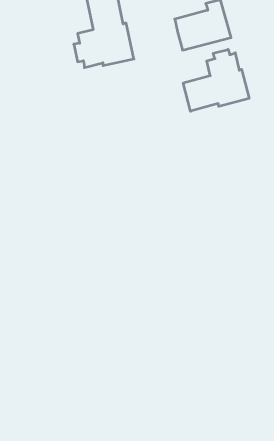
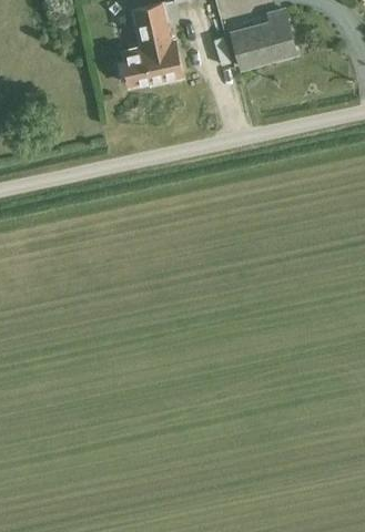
building: [183,49,249,111] -> none

